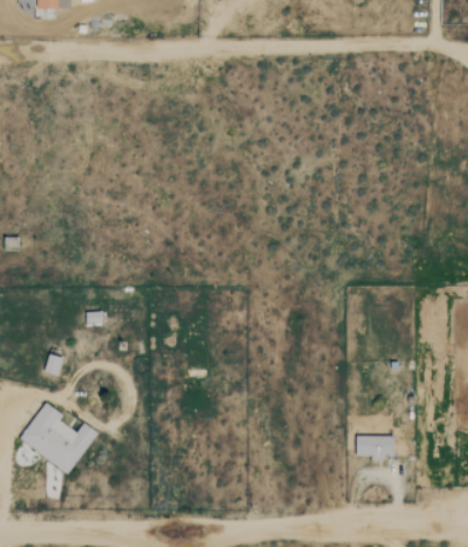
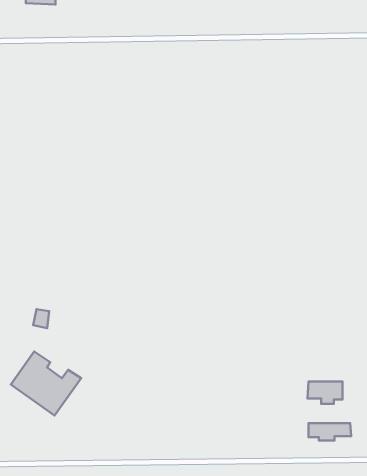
building: none -> [309,423,351,440]

